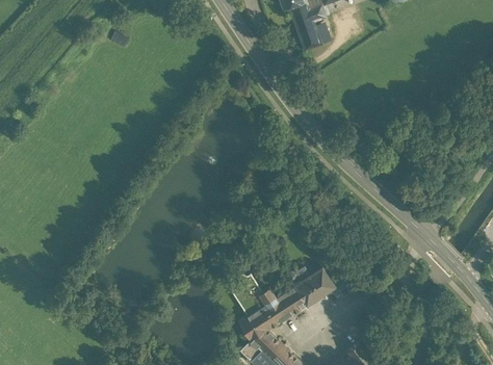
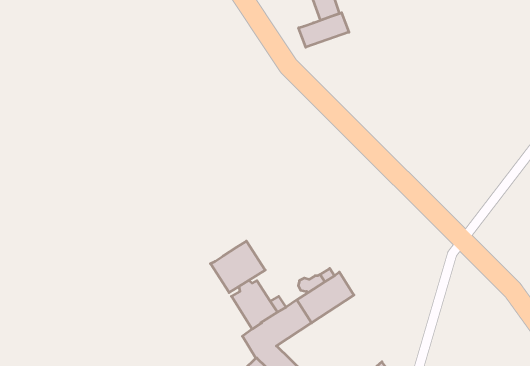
building: none -> [299,13,349,47]
building: none -> [210,241,265,293]

